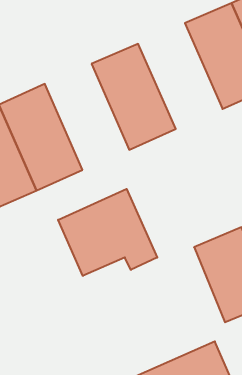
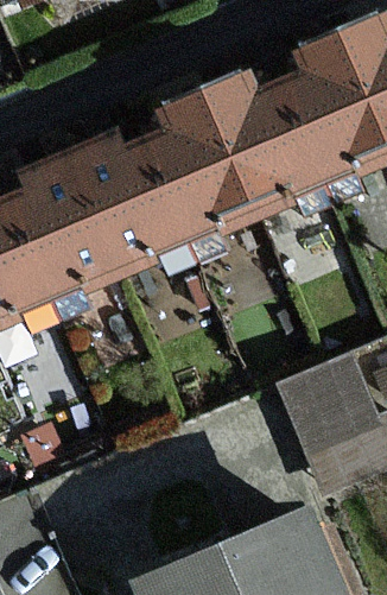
building: none -> [204,63,324,214]
building: none -> [71,121,191,272]
building: [58,189,157,276] -> none

